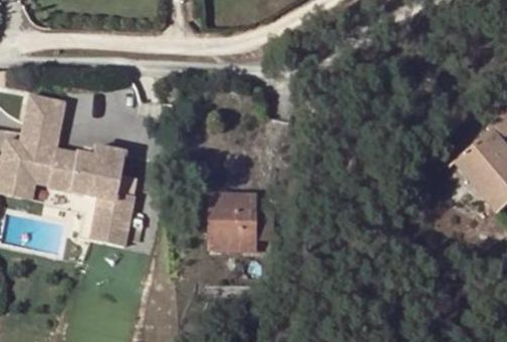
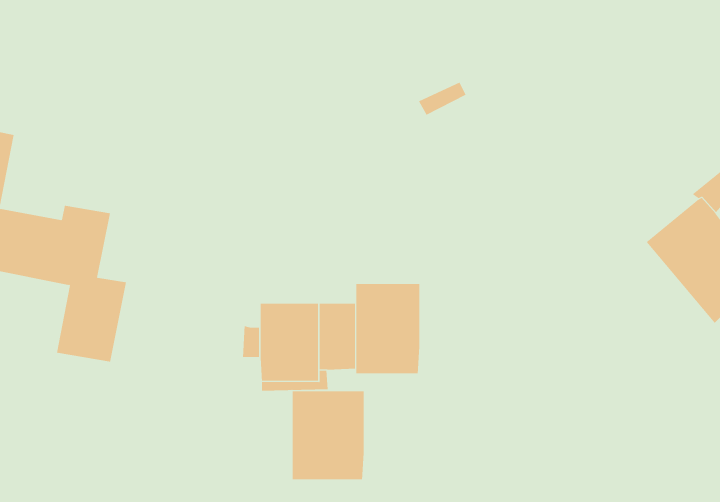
building: none -> [356,283,420,374]
building: none -> [292,390,364,480]

